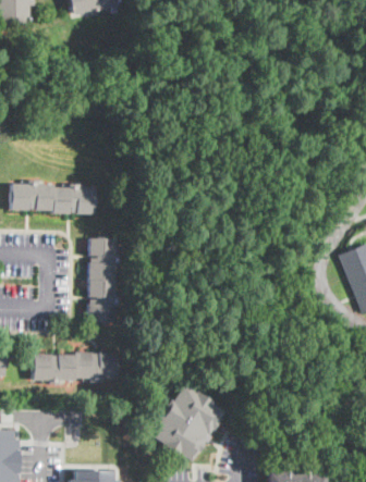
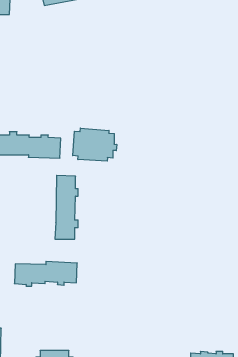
building: none -> [73,128,117,161]
building: [148,386,220,461] -> none

